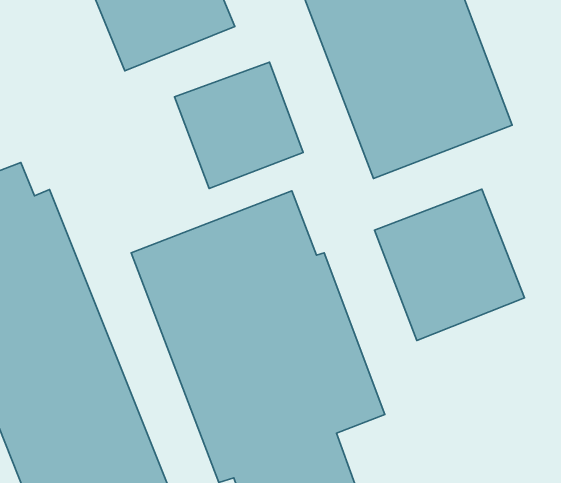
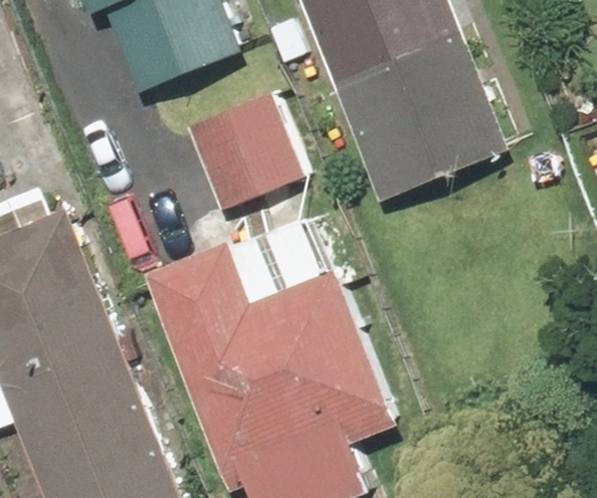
building: [375,189,524,341] -> none

